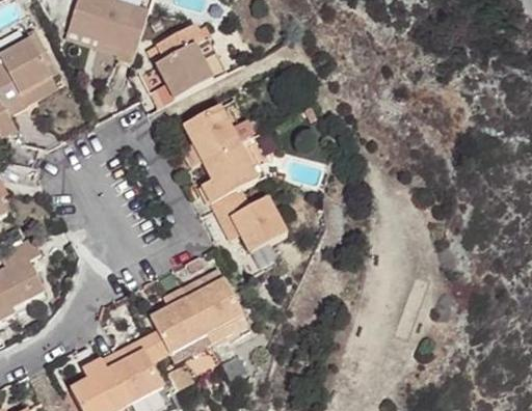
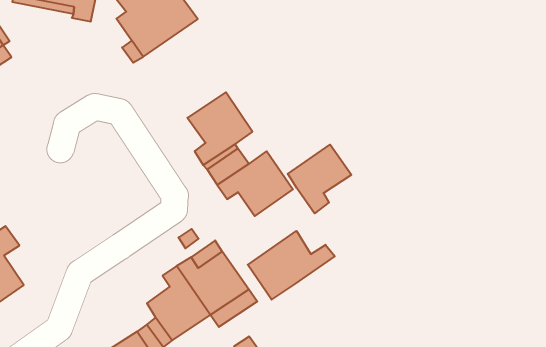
building: [184,103,239,163] -> none
building: none -> [288,145,351,213]
building: none -> [248,231,335,300]

